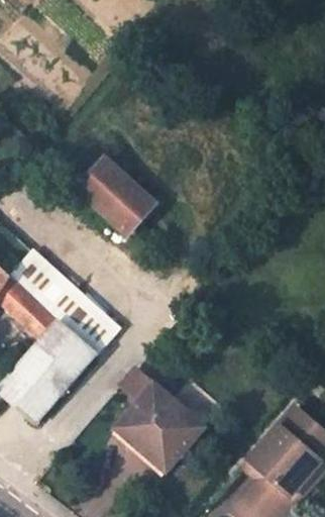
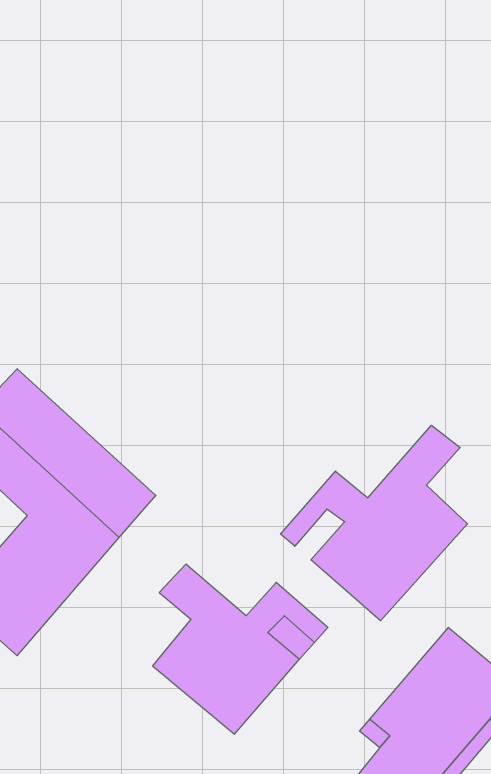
building: [77,158,153,232] -> none
building: none -> [281,425,468,621]

